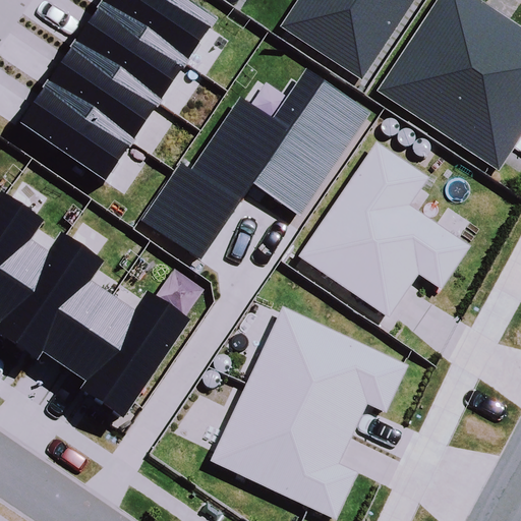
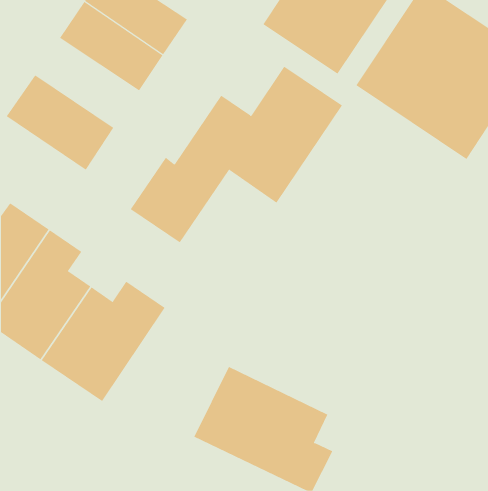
building: [44,40,154,134] -> none
building: [301,146,468,315] -> none
building: [247,306,407,436] -> none

